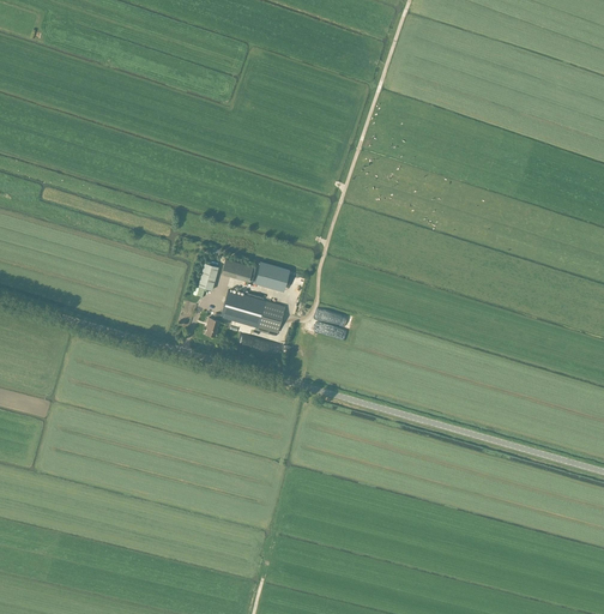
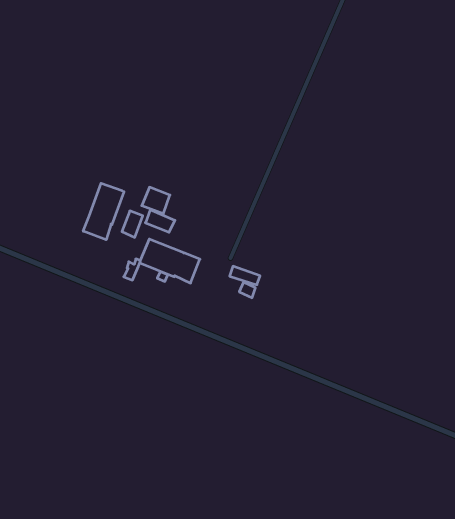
building: none -> [83,183,124,240]
building: [254,263,283,289] -> [142,187,170,214]

